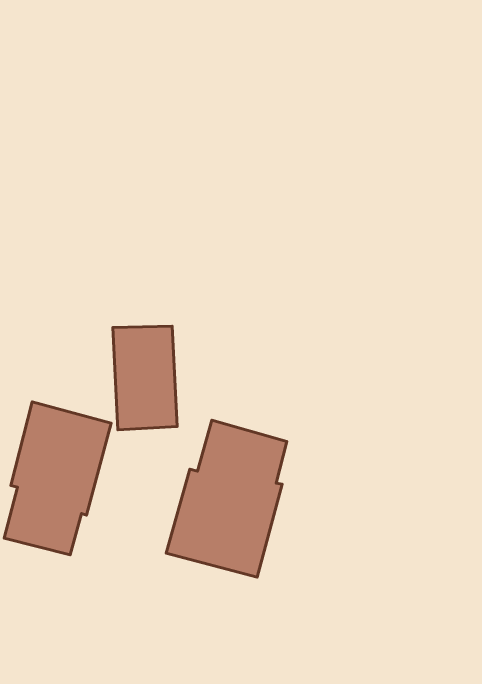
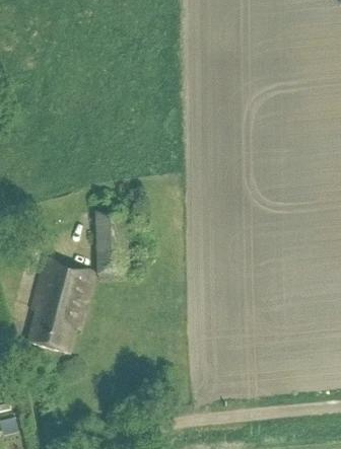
building: [166,420,287,577] -> none

